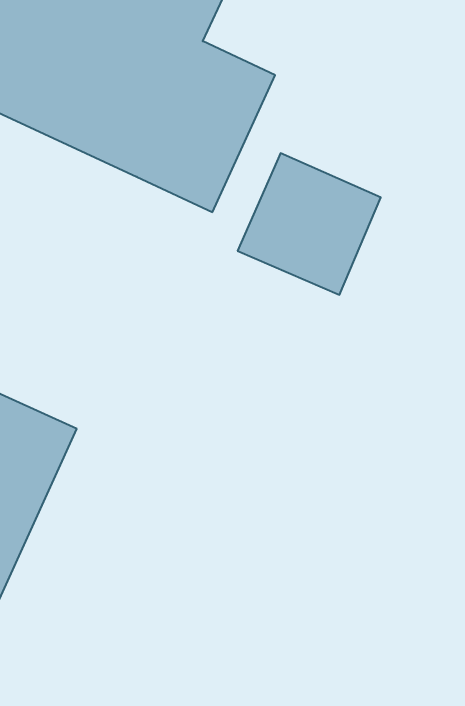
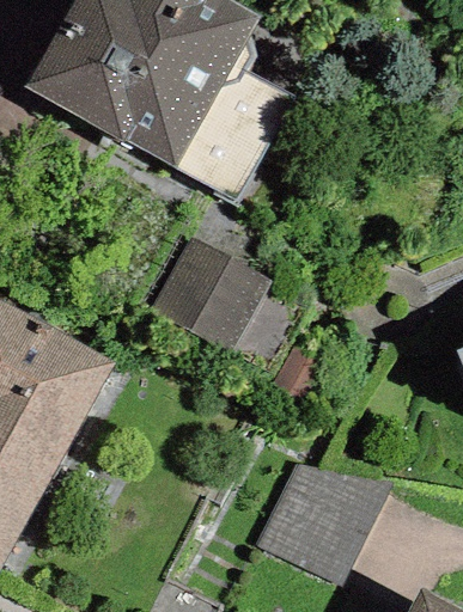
building: [238,153,381,295] -> [152,238,268,353]
building: none -> [266,453,390,580]

